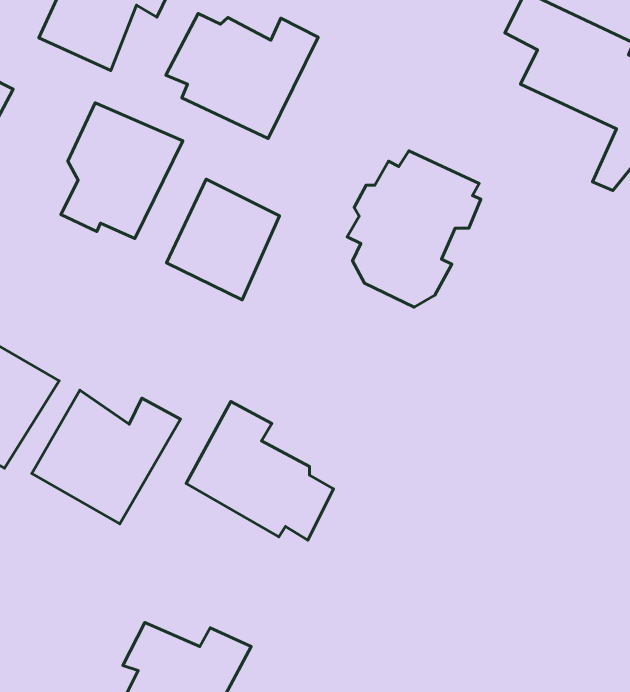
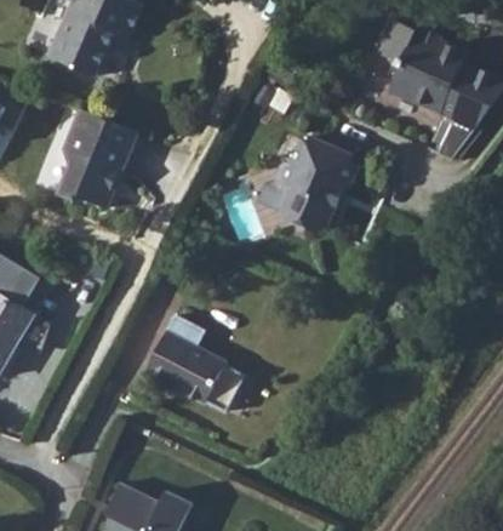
building: [166,14,318,139] -> none
building: [167,179,279,300] -> none
building: [32,390,181,524] -> none

